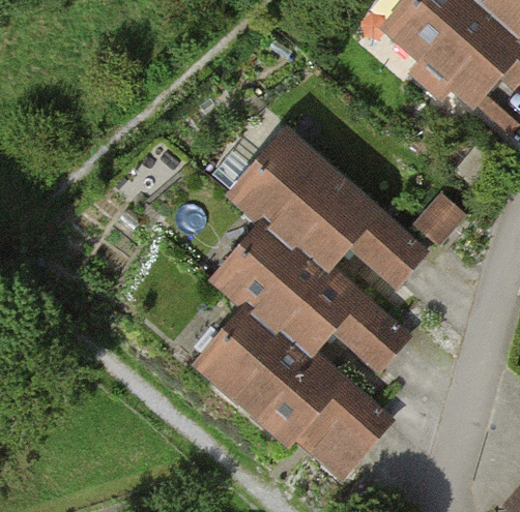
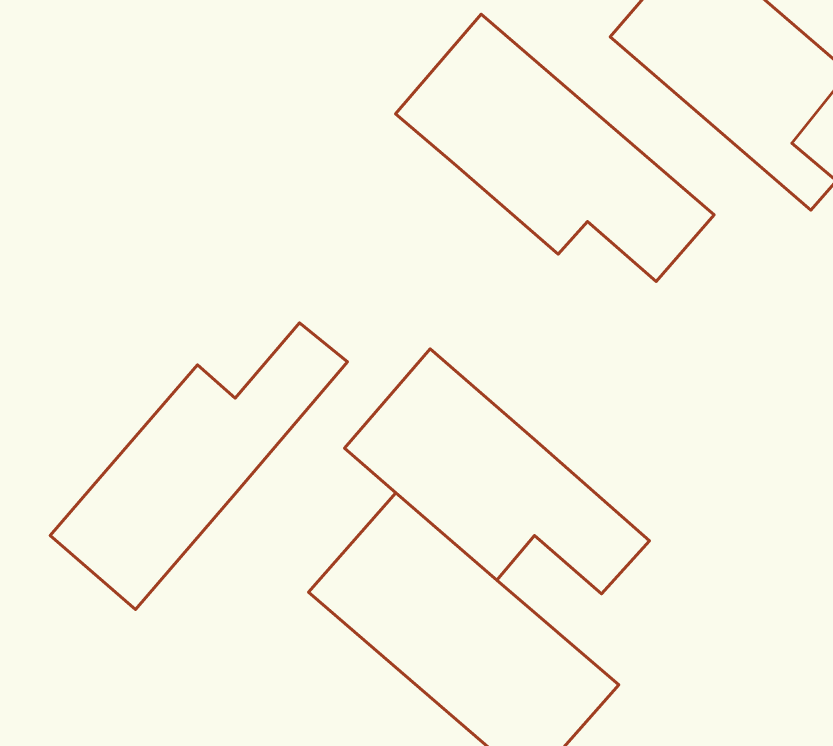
building: [236,129,429,291] -> [395,14,714,282]
building: none -> [50,323,347,609]

